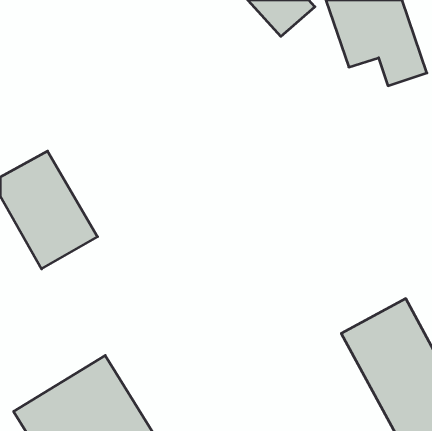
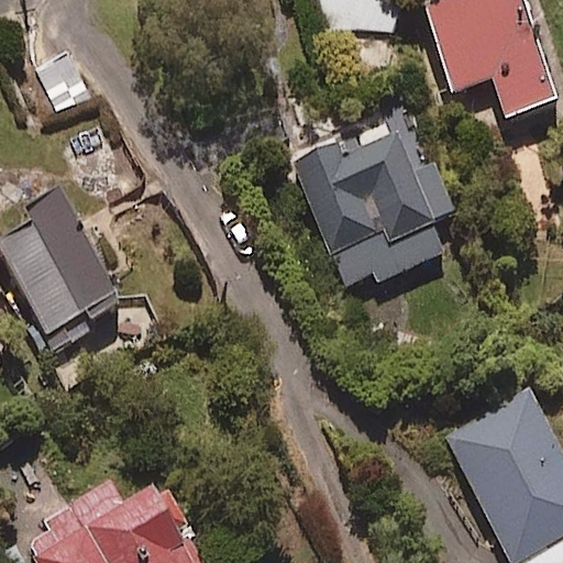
building: none -> [290,106,455,285]

